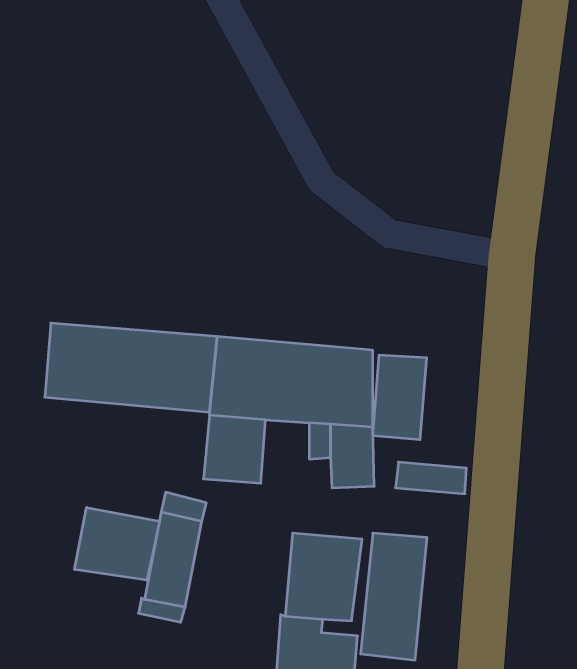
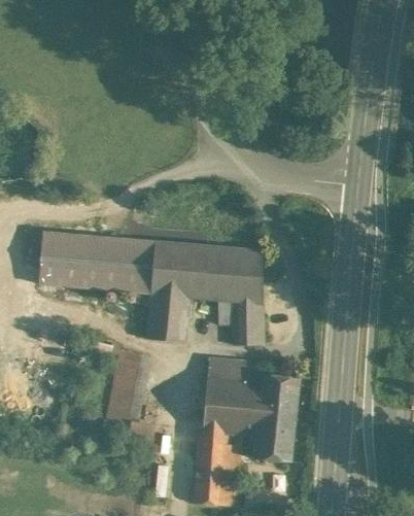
building: [373,355,427,440] -> none
building: [395,462,466,494] -> [207,356,255,378]
building: [75,507,159,580] -> none

